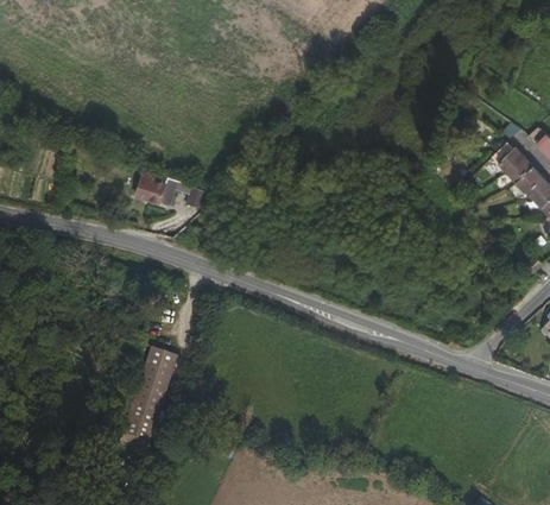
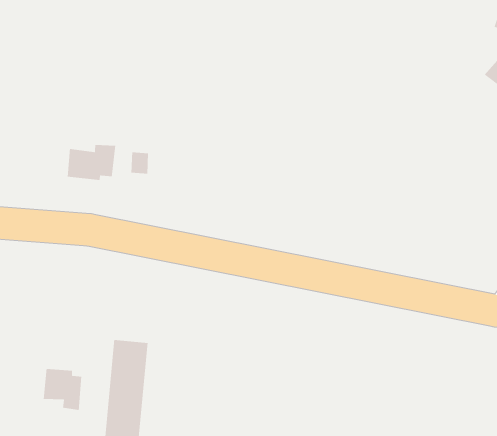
building: none -> [43,368,82,411]

